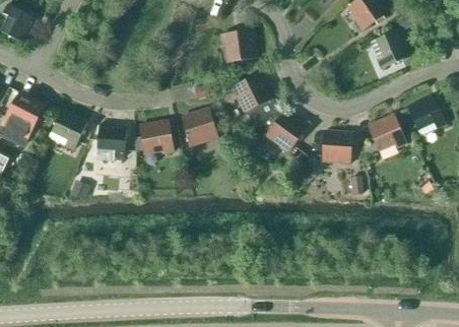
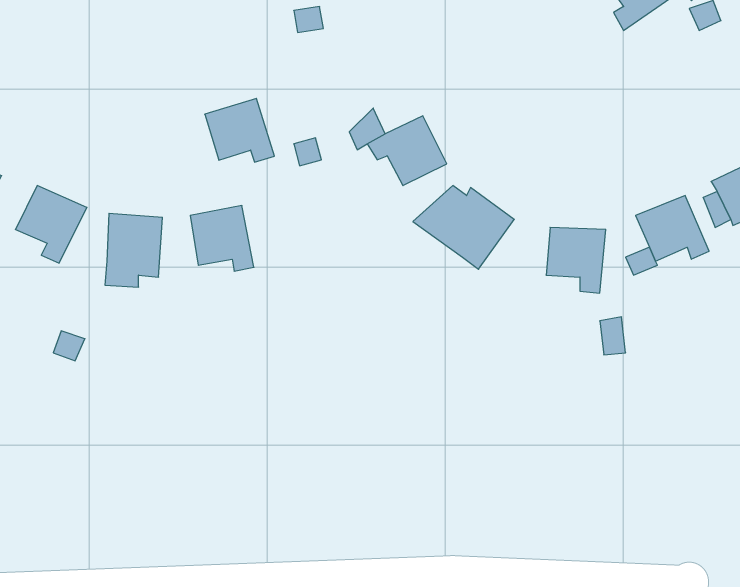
building: [220,30,256,61] -> none
building: [376,30,409,68] -> none
building: [182,109,217,141] -> [205,98,274,162]

